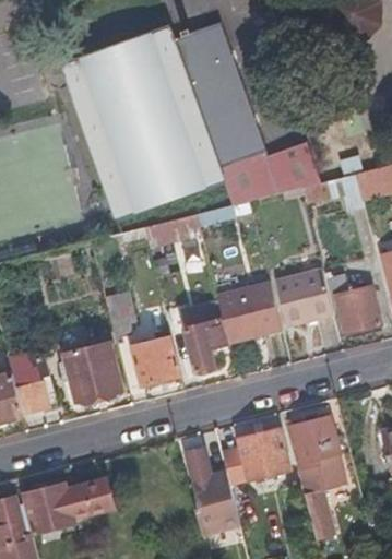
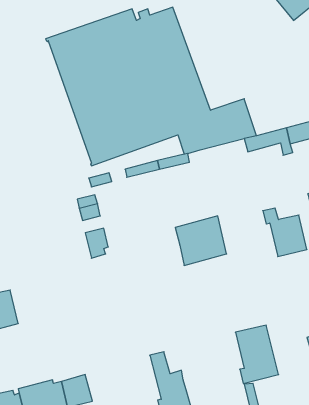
building: [275,269,332,325] -> none
building: [186,318,229,372] -> none
building: [131,334,182,385] -> none
building: [66,342,123,401] -> none
building: [14,365,58,415] -> none
building: [221,430,289,485] -> none

